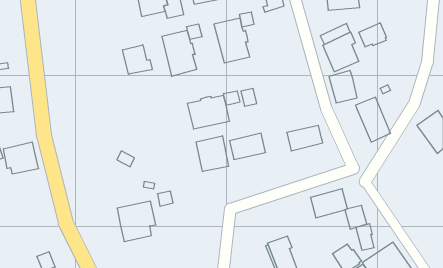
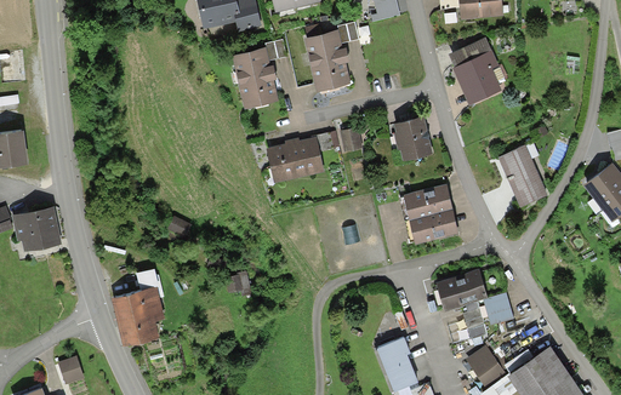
building: [359,23,386,47] -> none
building: [122,45,152,74] -> none
building: [329,70,357,103] -> [393,119,432,164]
building: [229,133,266,159] -> [409,206,458,242]
building: [196,136,229,172] -> none
building: [117,201,156,242] -> [112,286,165,342]
building: [356,224,374,250] -> [463,303,489,339]

